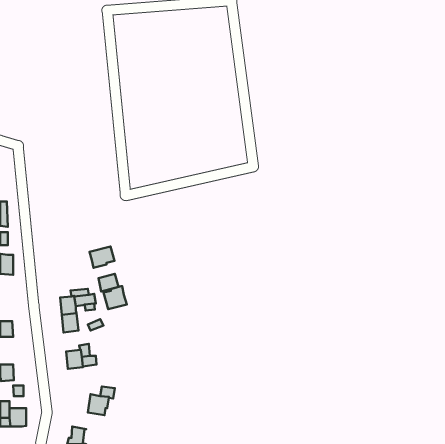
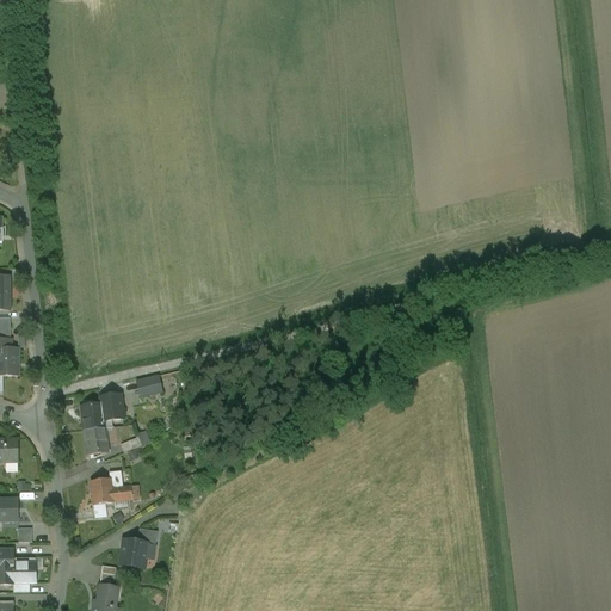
building: [89,246,115,268] -> none
building: [104,286,127,309] -> none

